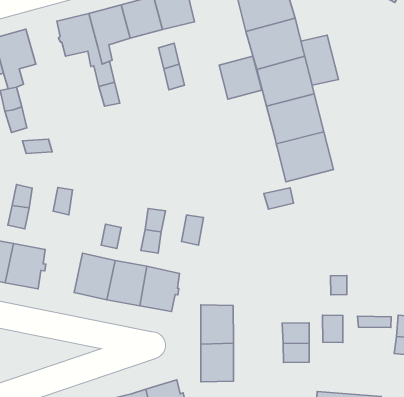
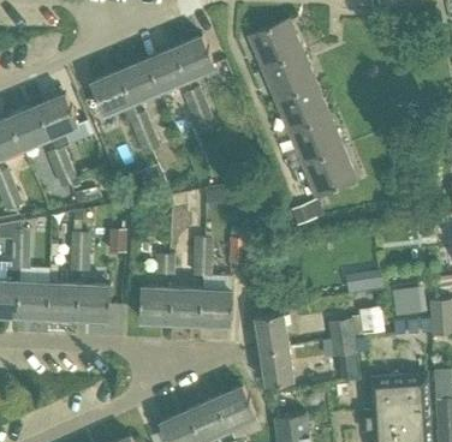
building: [301,35,338,85] -> none
building: [219,56,262,99] -> none

